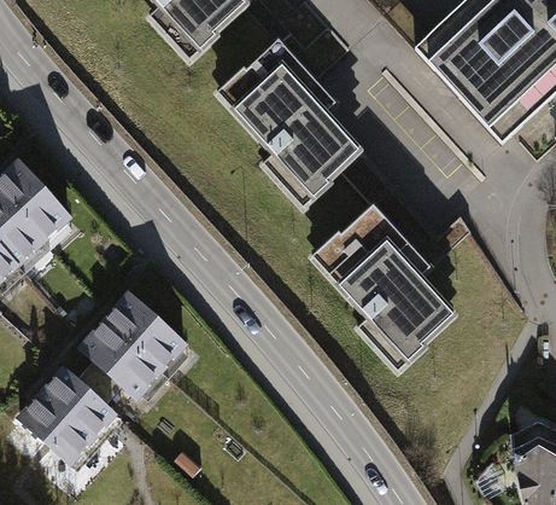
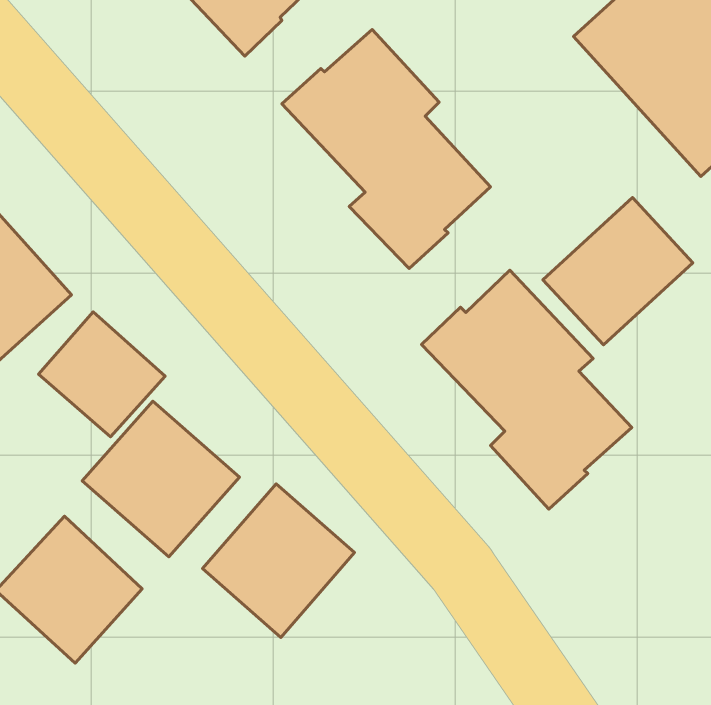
building: none -> [543,198,693,345]
building: none -> [39,312,165,437]
building: none -> [203,484,355,637]

